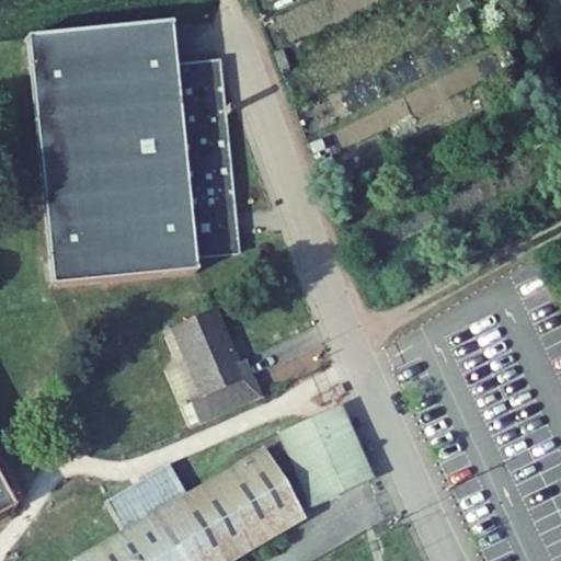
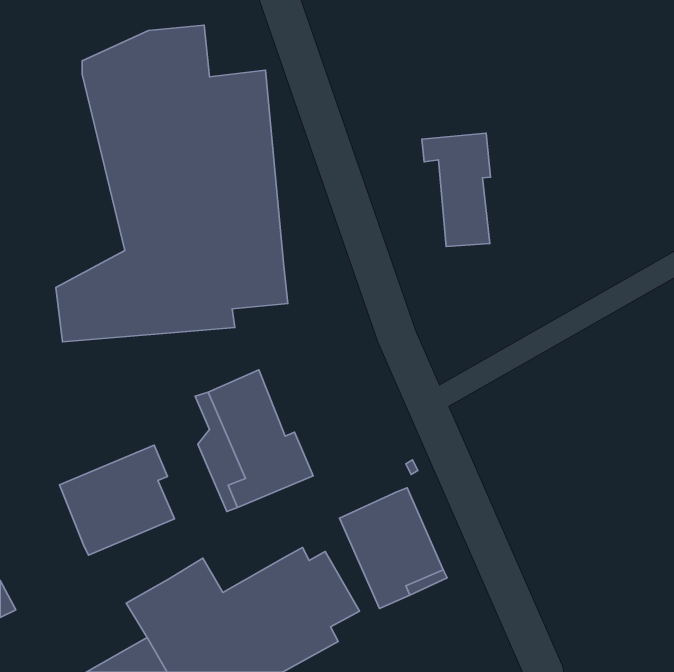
building: [31,25,126,238] -> none
building: none -> [422,133,490,247]
building: none -> [60,445,175,555]

